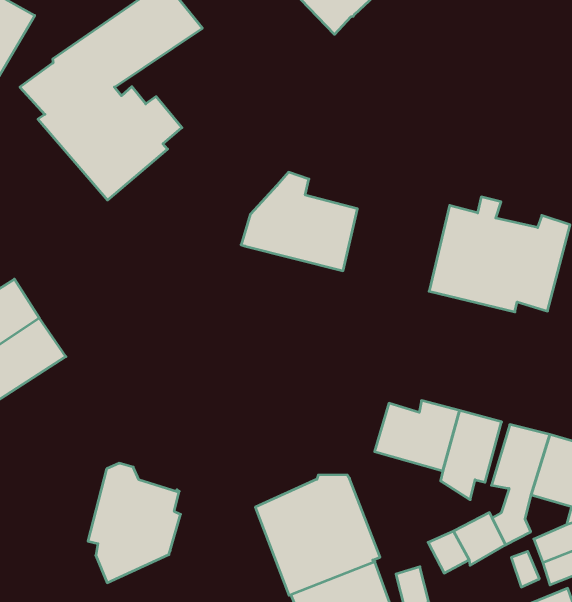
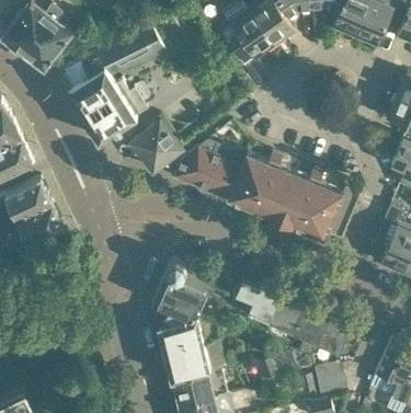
building: none -> [130,119,182,171]
building: none -> [228,153,294,219]
building: [88,463,181,583] -> [151,261,207,328]

